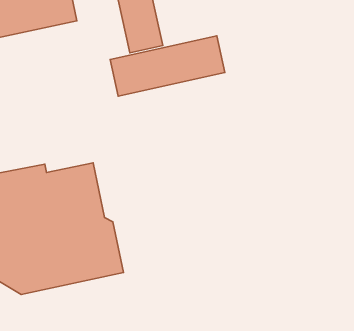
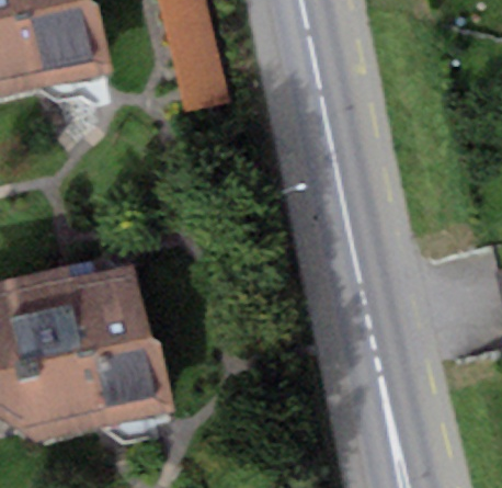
building: [110,36,225,96] -> none

